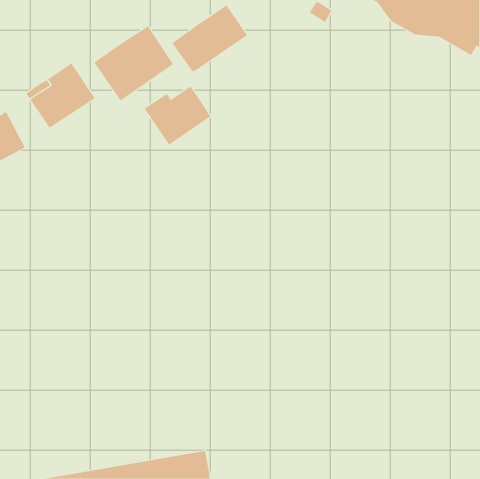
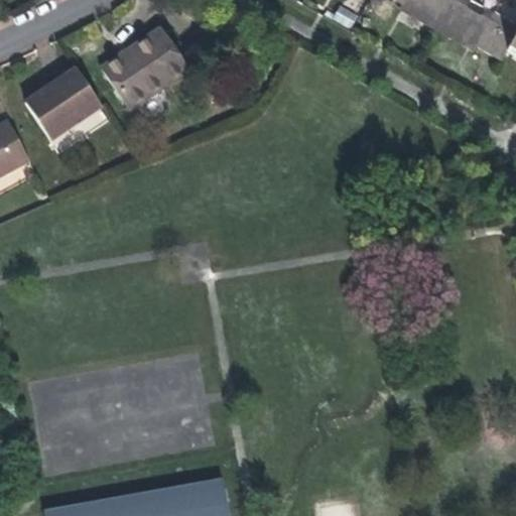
building: [171,5,248,73] -> none
building: [144,86,211,145] -> none

